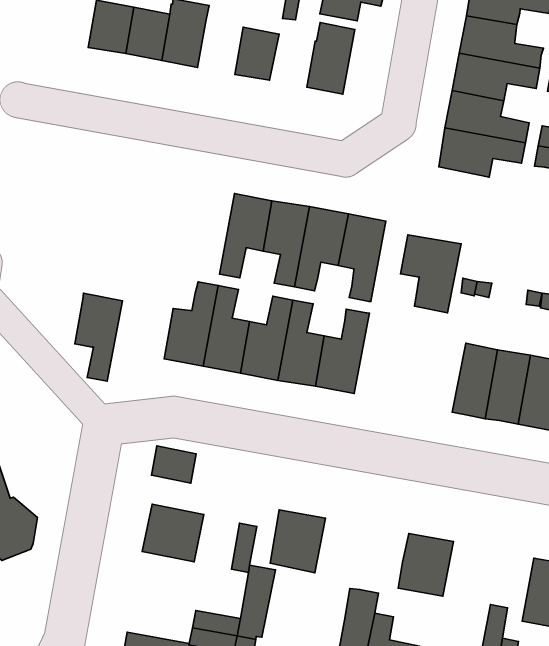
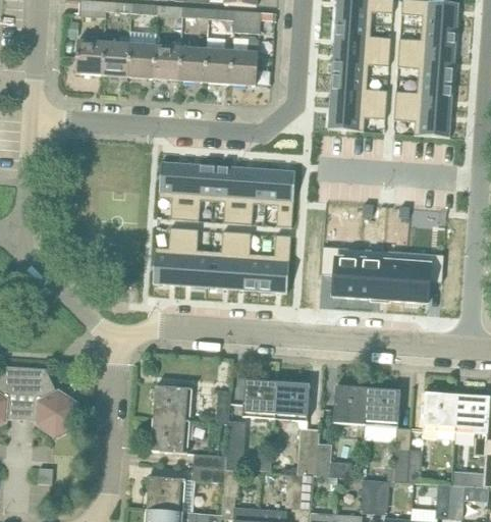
building: none -> [152,45,180,80]
building: none -> [203,48,231,83]
building: [401,235,461,313] -> [320,246,360,297]
building: [75,293,122,381] -> [158,160,187,219]
building: [151,446,196,483] -> none
building: none -> [273,380,309,421]
building: none -> [364,386,399,427]
building: none -> [150,418,188,453]

